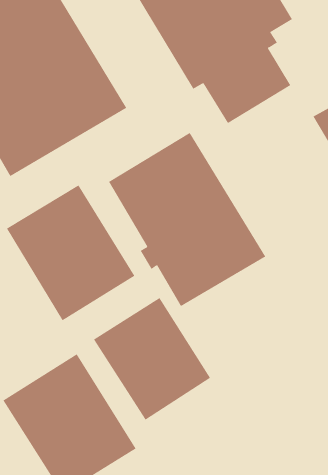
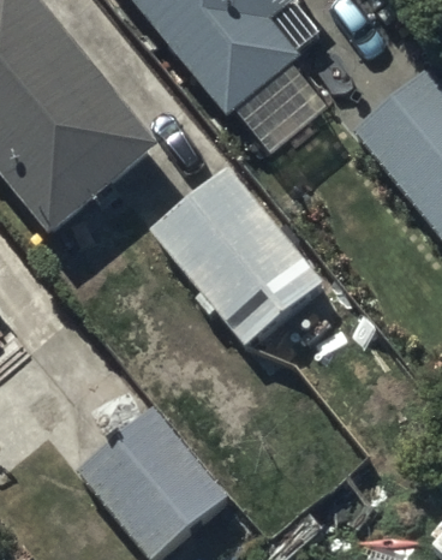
building: [6,184,135,321] -> none
building: [93,297,211,421] -> none

